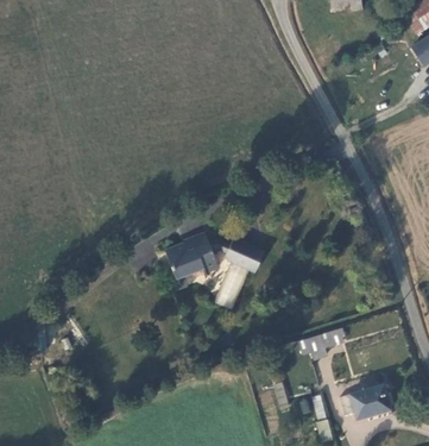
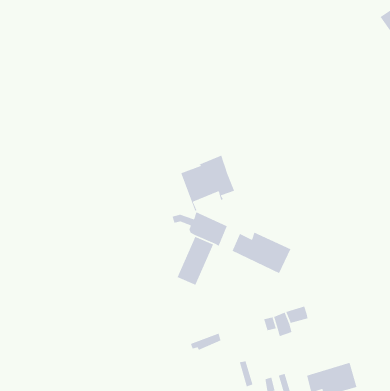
building: [165,232,219,288] -> [180,154,235,212]
building: none -> [231,231,291,274]

